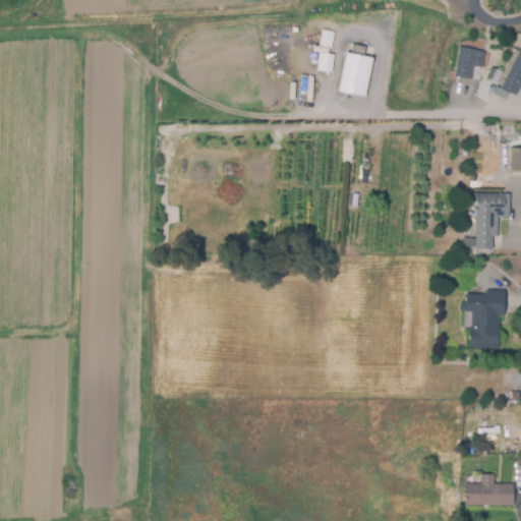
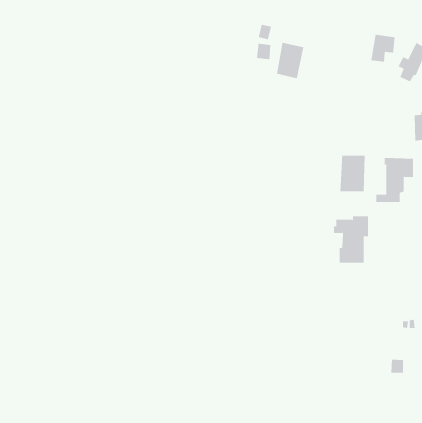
building: none -> [340,155,365,192]
building: [461,291,505,349] -> [333,216,369,263]
building: [465,473,513,506] -> none

